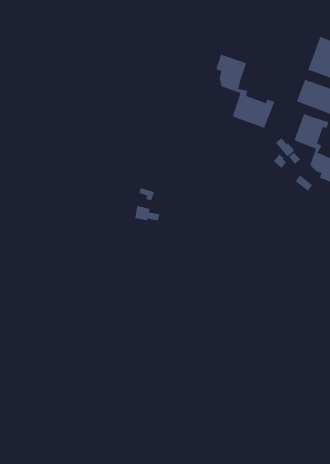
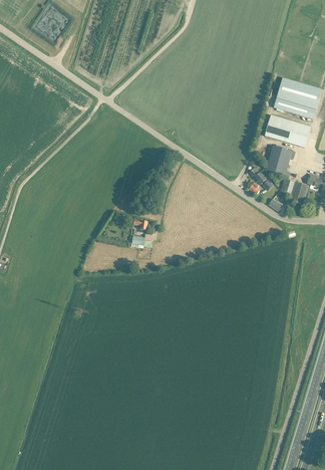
building: [216,54,275,128] -> none

